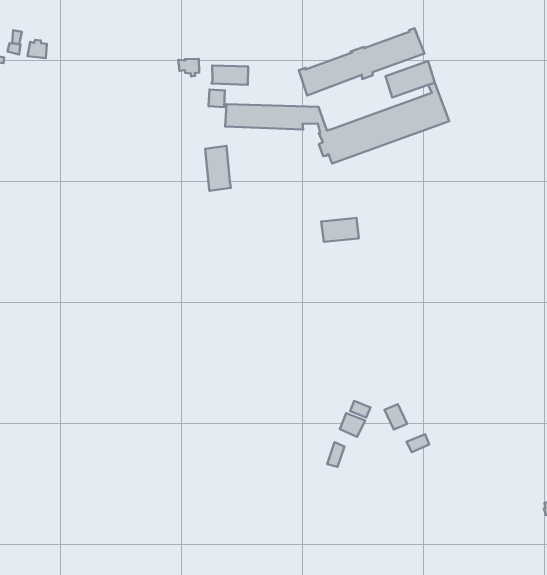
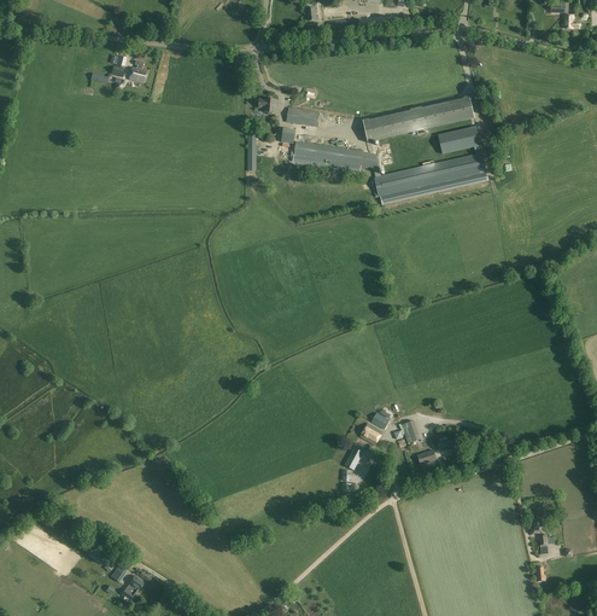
building: [205,146,231,191] -> none
building: [321,218,359,242] -> none

